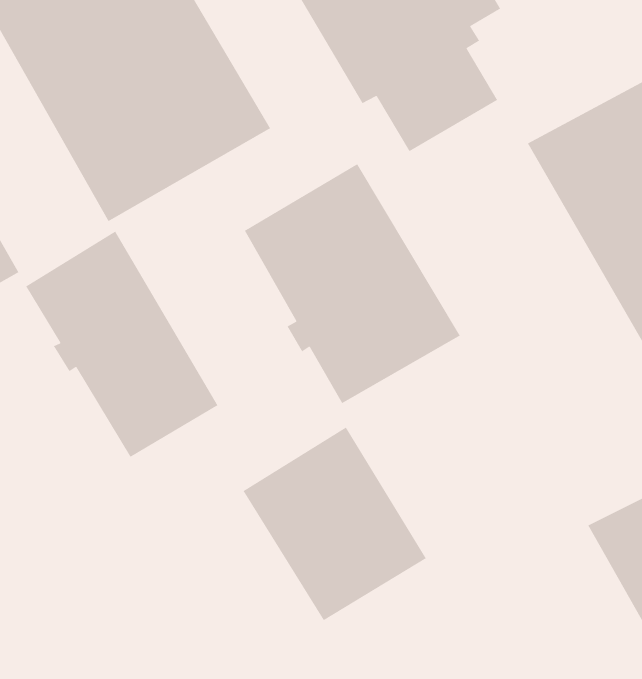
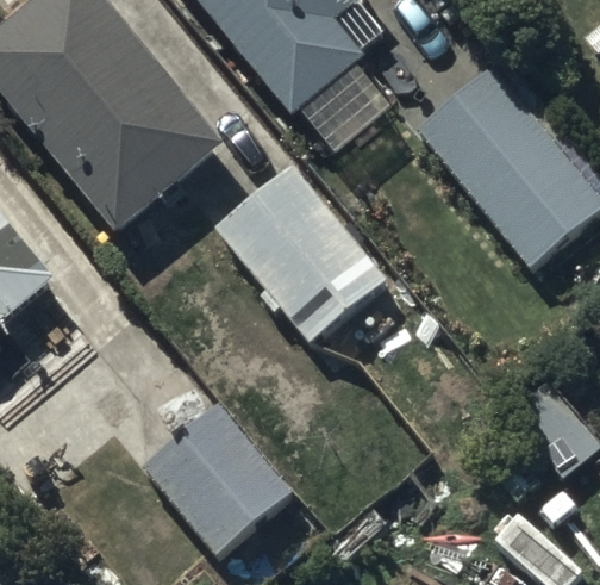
building: [25,231,218,458] -> none
building: [242,427,427,621] -> [142,404,286,550]

